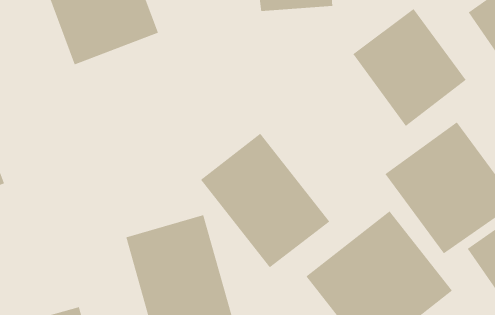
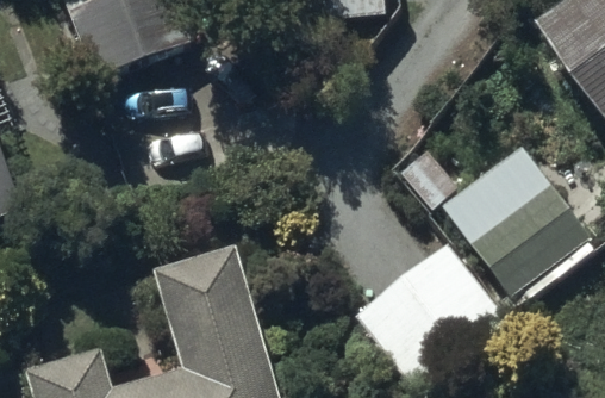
building: [352,8,466,127] -> none
building: [200,133,330,268] -> none

